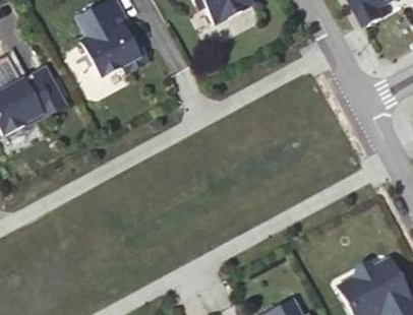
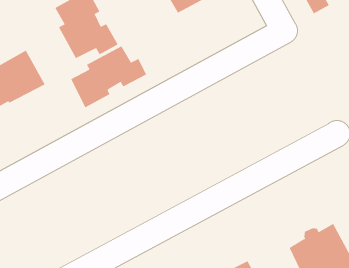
building: none -> [70,45,147,108]

